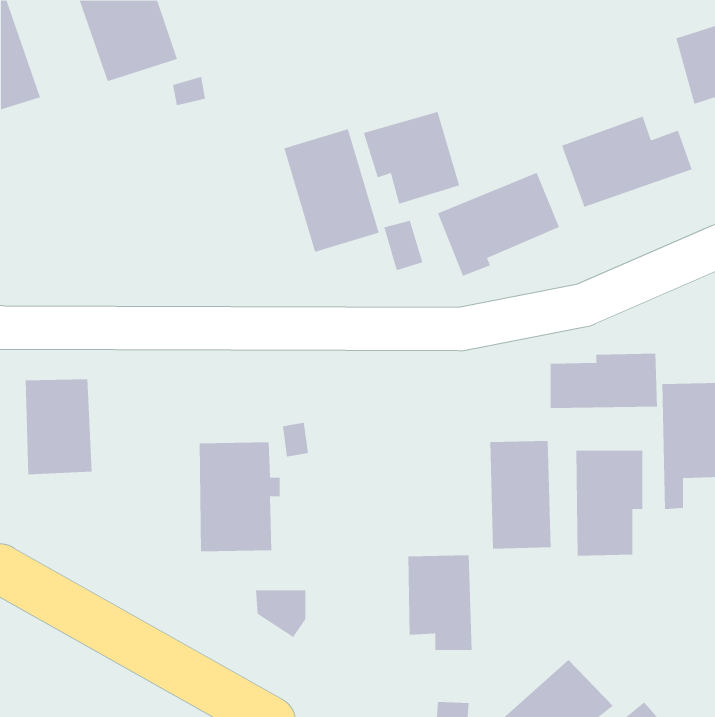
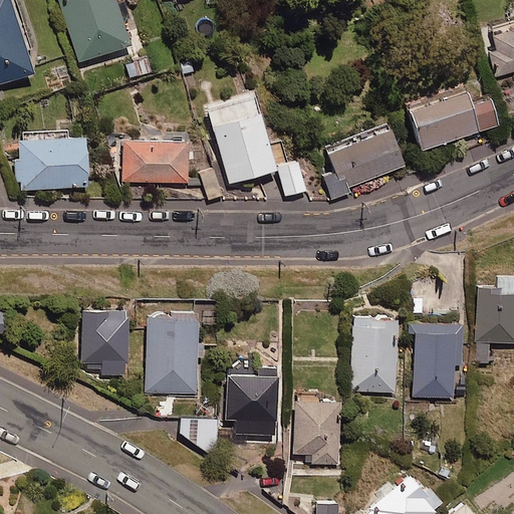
building: [363,111,460,204] -> none
building: none -> [15,131,86,191]
building: none -> [123,143,189,185]
building: [550,353,658,409] -> none
building: [25,379,92,475] -> [80,309,128,377]
building: none -> [227,367,277,449]

